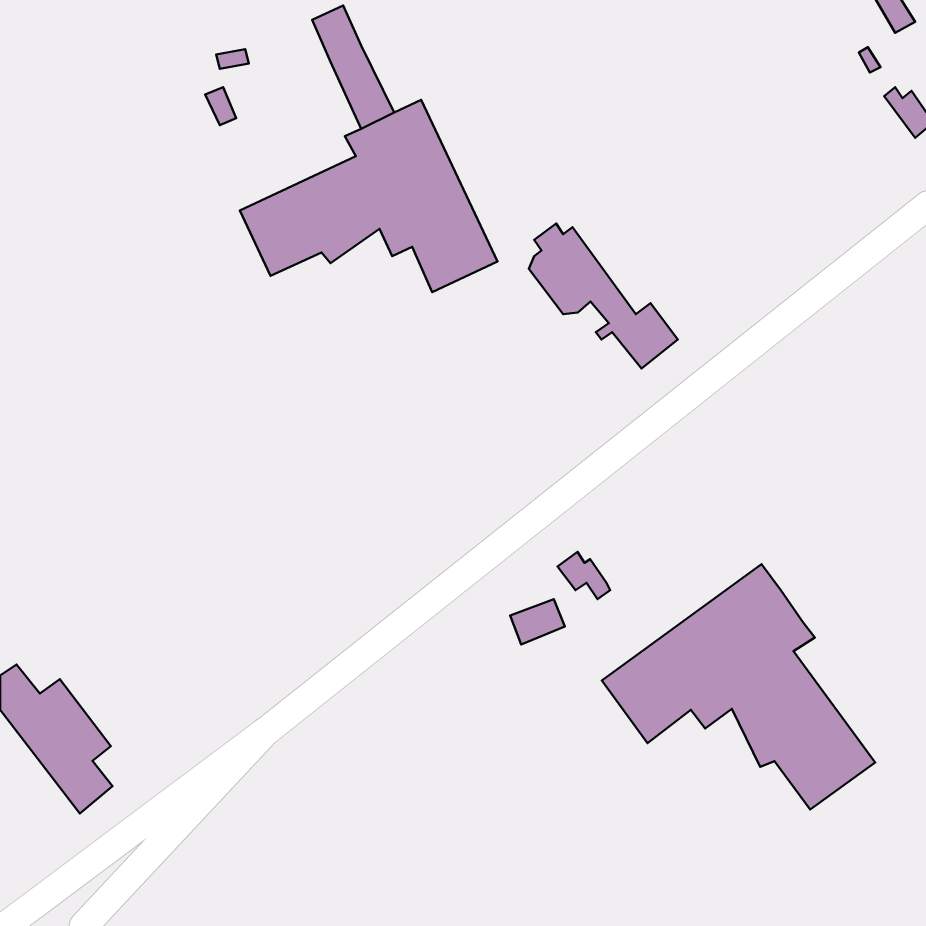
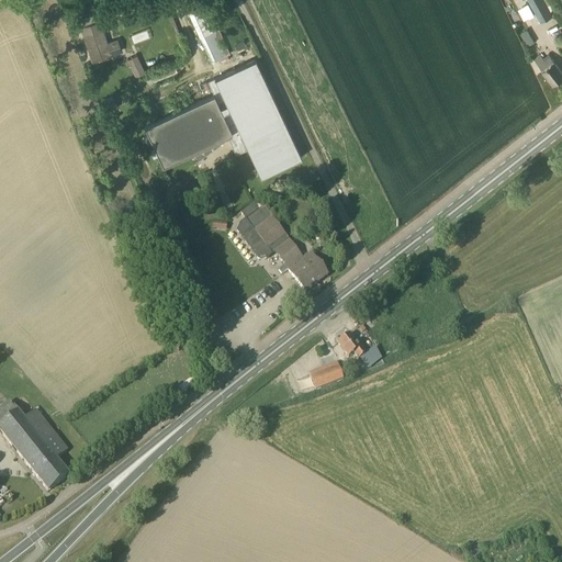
building: none -> [82,19,123,60]
building: [529,223,678,369] -> [238,204,328,292]
building: [602,564,875,810] -> none

